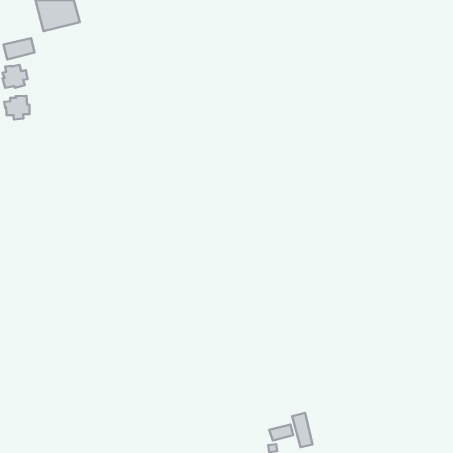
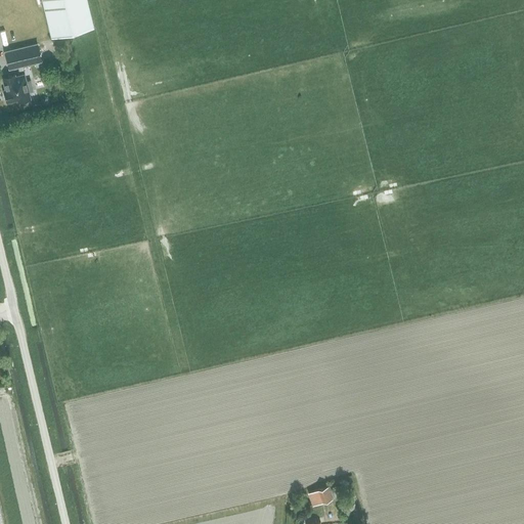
building: [4,96,29,119] -> none
building: [292,413,313,447] -> none

